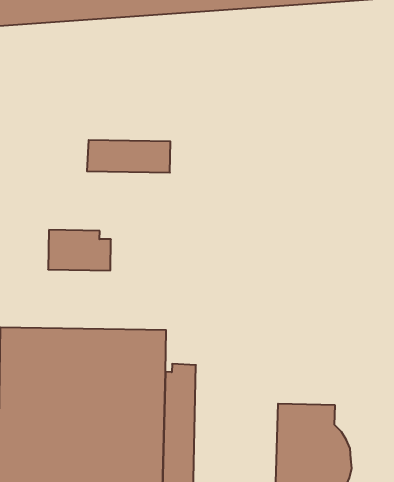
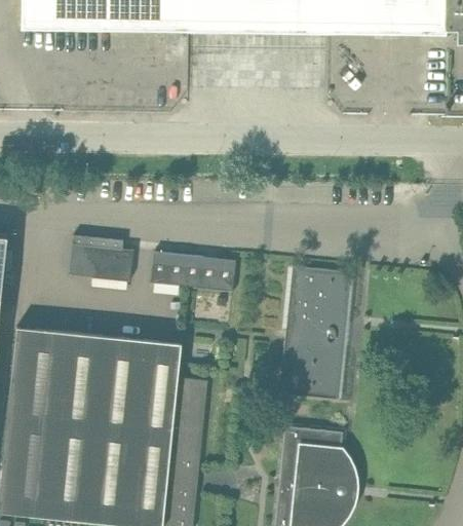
building: [87,140,170,173] -> [150,252,235,291]
building: none -> [279,266,350,400]

